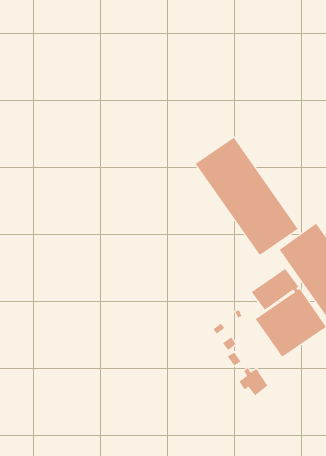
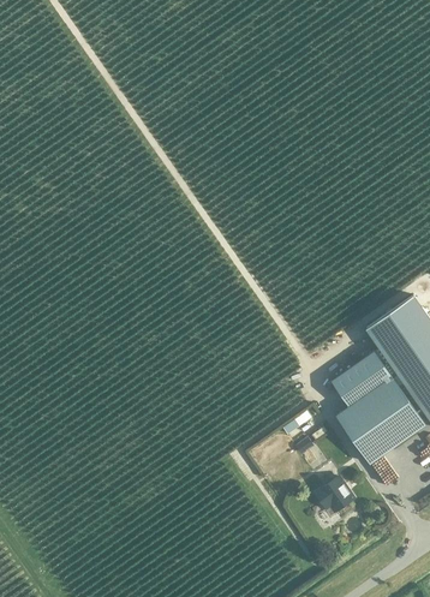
building: [195,137,299,256] -> none

